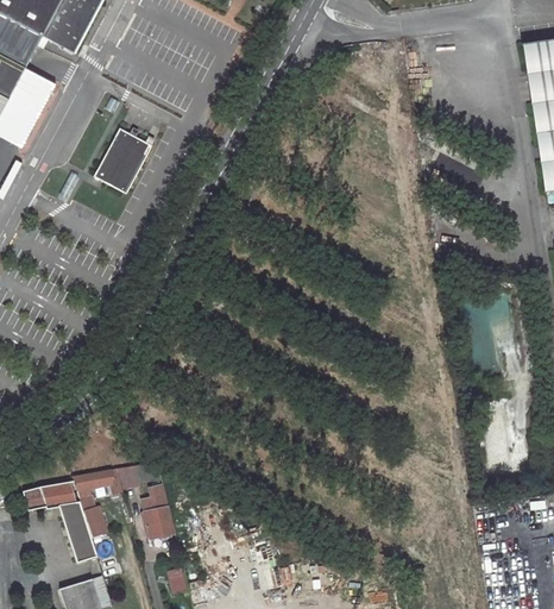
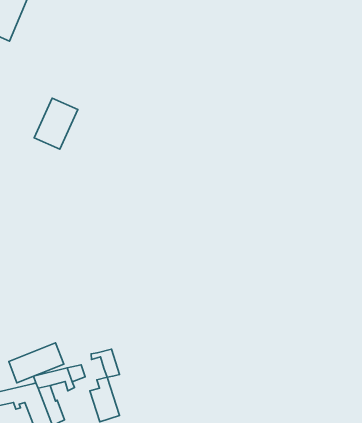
building: none -> [9,343,64,383]
building: none -> [91,349,120,377]

